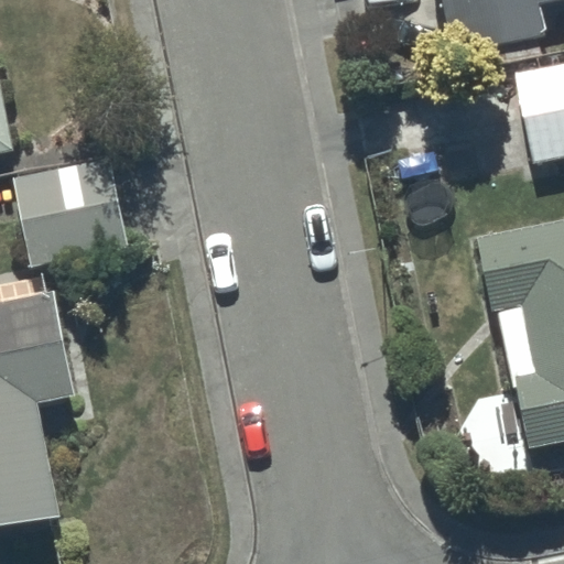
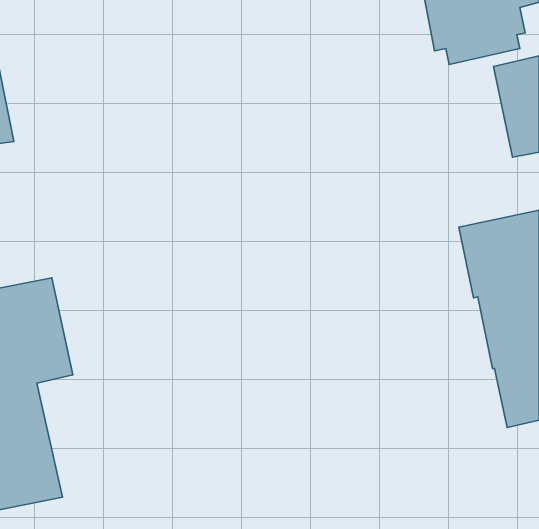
building: [12,154,130,265] -> none

